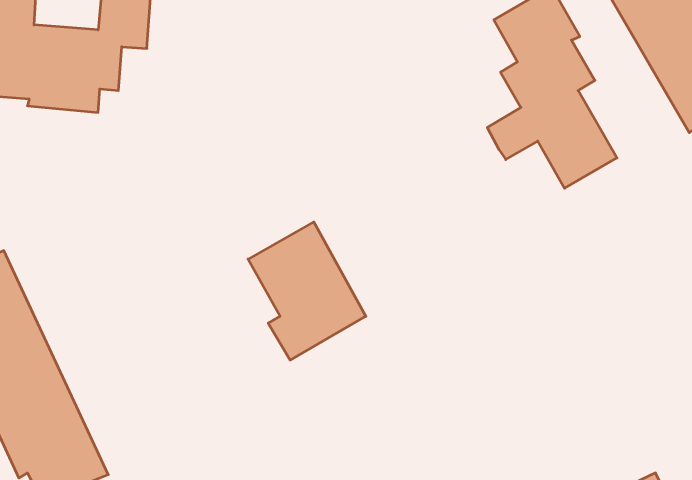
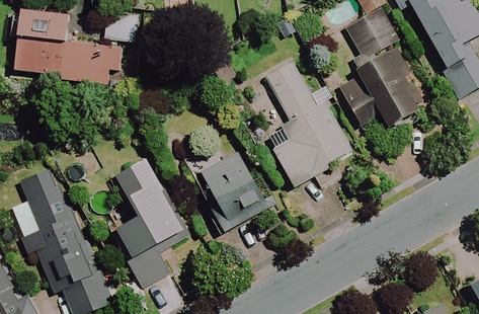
building: none -> [252,62,354,186]
building: none -> [108,153,201,282]

